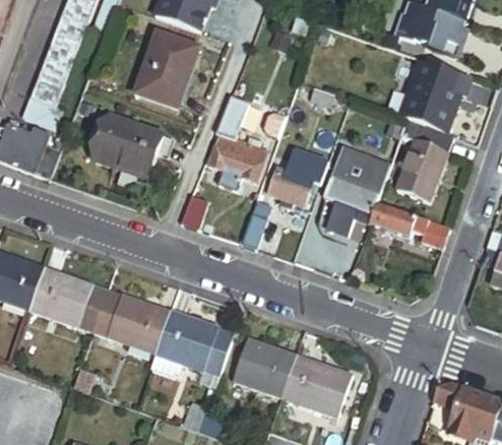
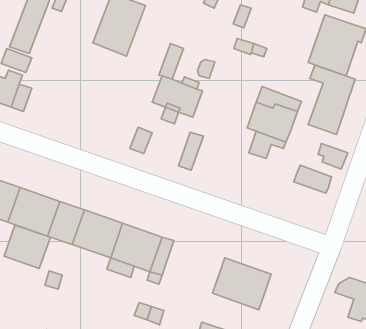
building: [95,114,164,178] -> none
building: [269,147,326,204] -> none
building: [368,201,415,236] -> [294,165,332,193]
building: none -> [4,225,50,269]
building: [232,339,296,399] -> none

